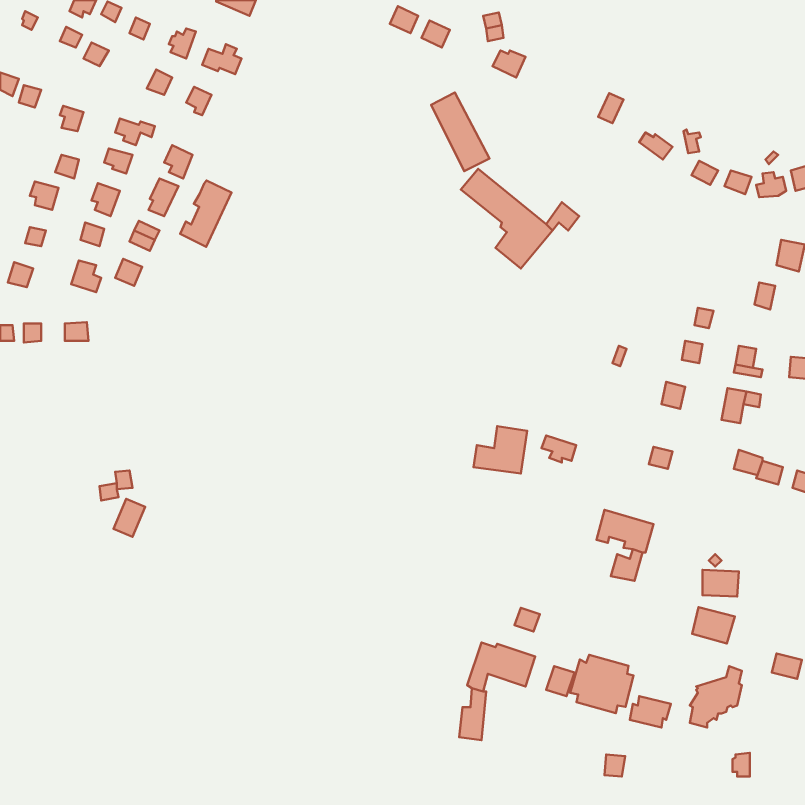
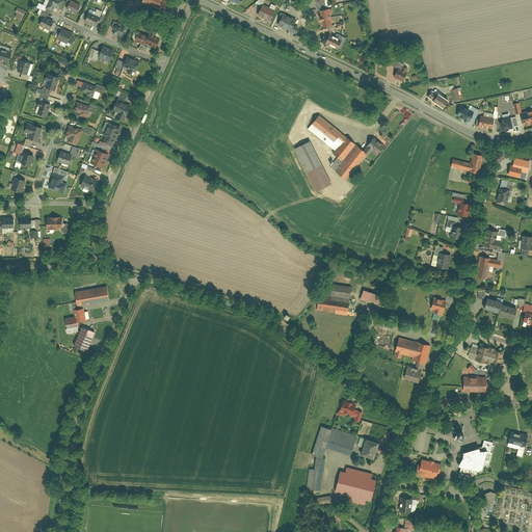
building: [431,92,490,171] -> [291,138,329,190]
building: [180,180,231,247] -> none
building: none -> [450,154,483,175]
building: none -> [76,289,110,308]
building: [692,607,735,643] -> [473,342,501,366]
building: [570,655,633,713] -> [336,468,377,506]

